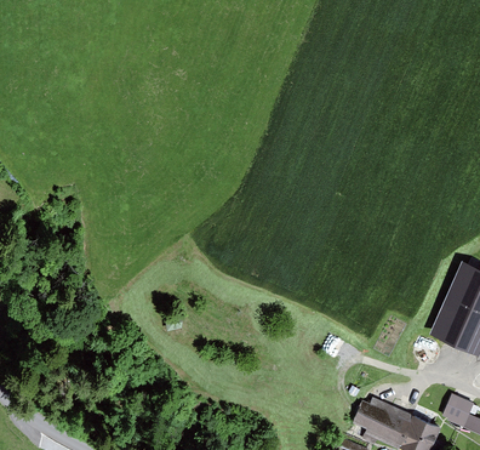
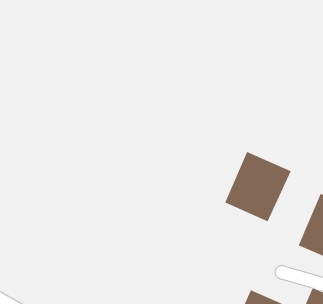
building: none -> [225,151,292,222]

